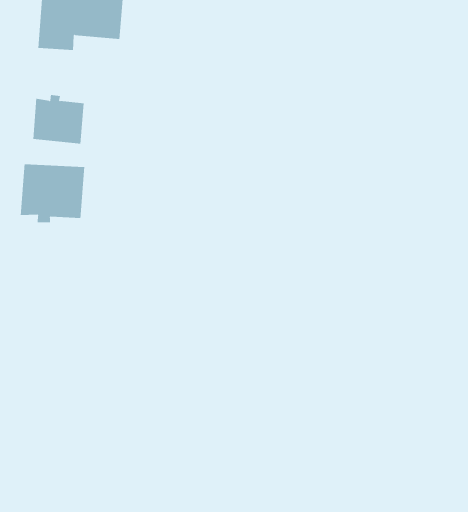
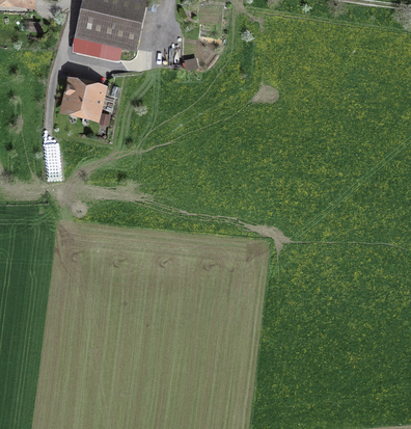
building: [20,163,85,223] -> none

